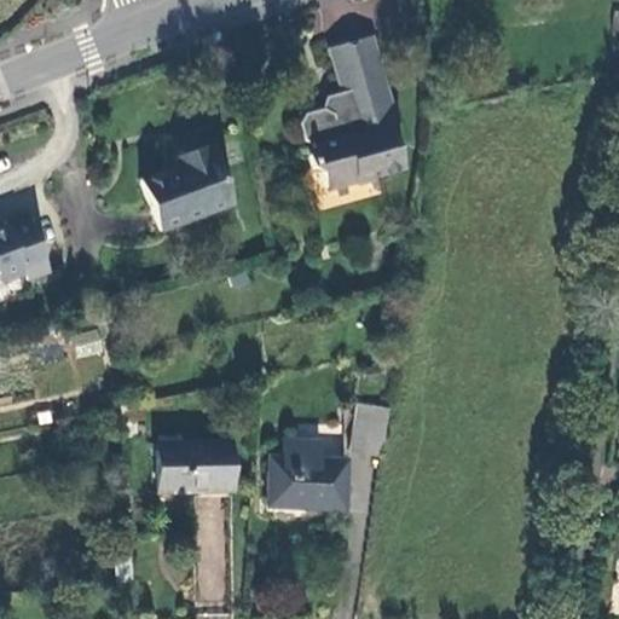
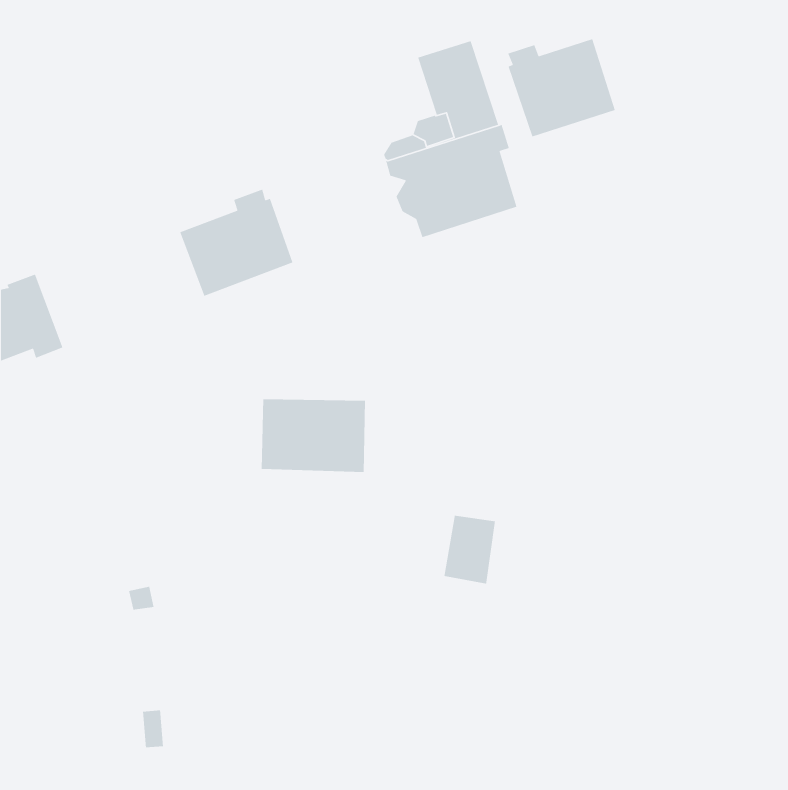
building: none -> [507,38,616,137]
building: [266,430,353,514] -> none
building: [157,438,239,496] -> [261,398,366,473]

